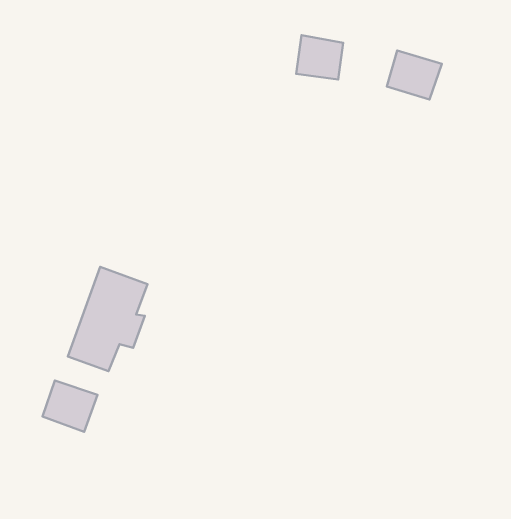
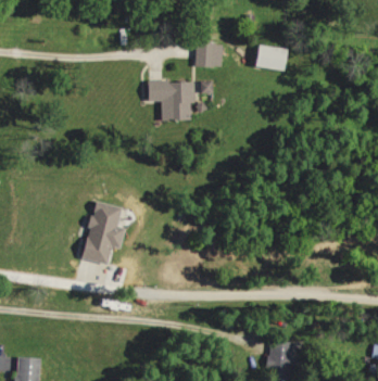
building: none -> [148,81,196,120]
building: [42,381,98,432] -> none

